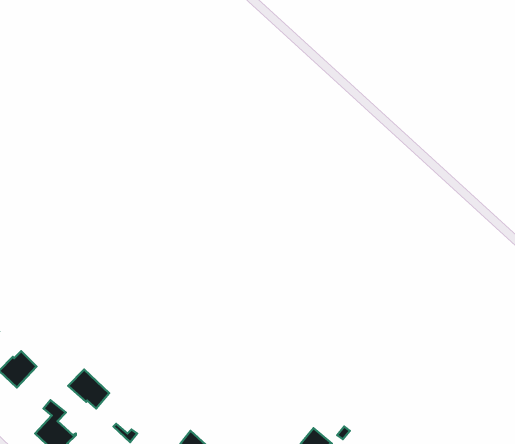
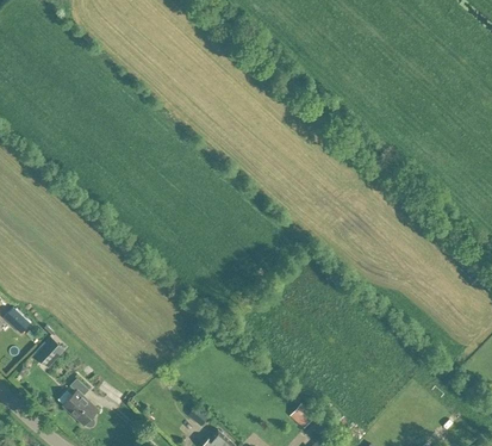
building: [68,369,109,408] -> none

